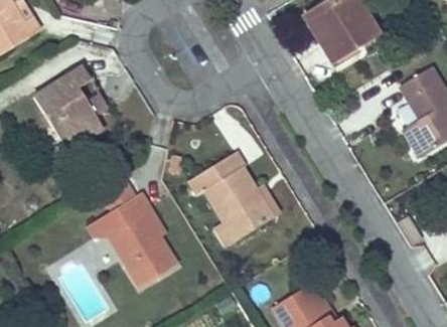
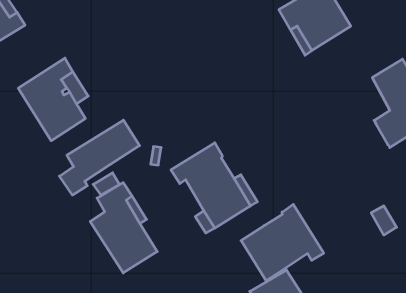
building: none -> [59,120,140,195]
building: none -> [241,204,324,281]

